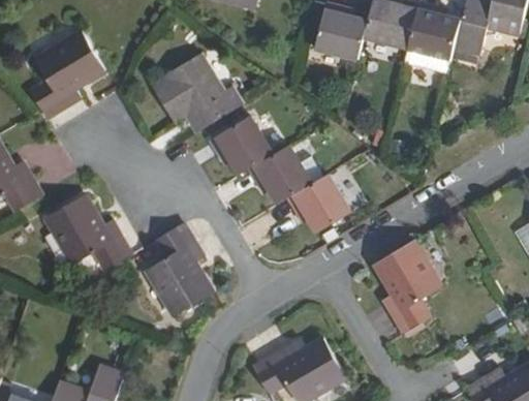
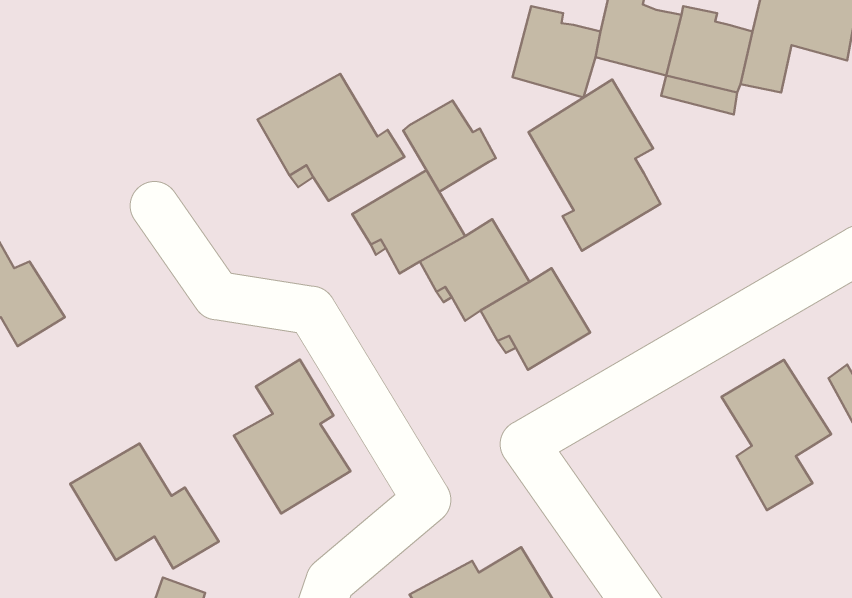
building: [31,20,107,103] -> none
building: none -> [528,80,661,251]
building: none -> [403,101,496,192]
building: [42,194,133,271] -> [70,443,219,568]
building: [373,242,440,334] -> [721,360,831,510]

